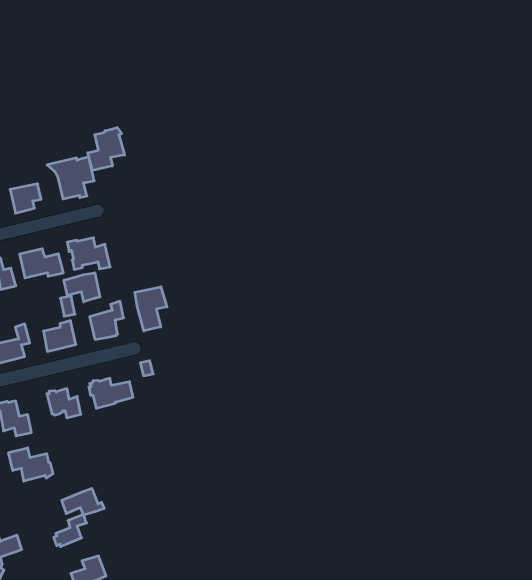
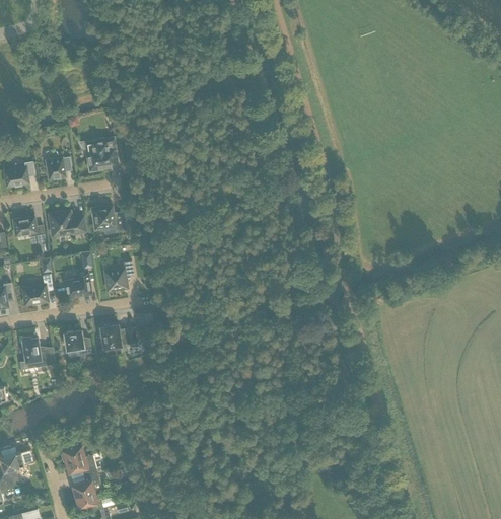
building: [88,128,125,171] -> none
building: [64,273,100,302] -> none
building: [135,287,167,331] -> none
building: [9,448,53,481] -> none
building: [62,489,104,515] -> [65,453,100,474]

